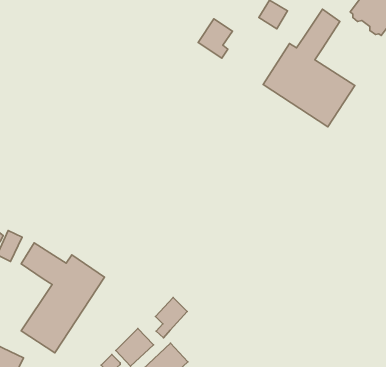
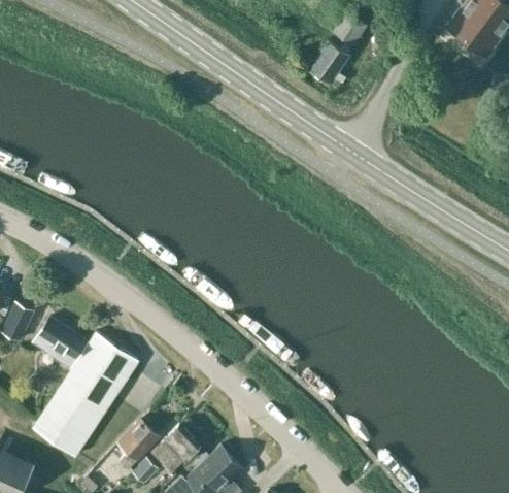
building: [263,9,355,127] -> none
building: [198,19,233,58] -> [307,41,350,91]
building: [155,298,187,338] -> [117,421,158,471]

